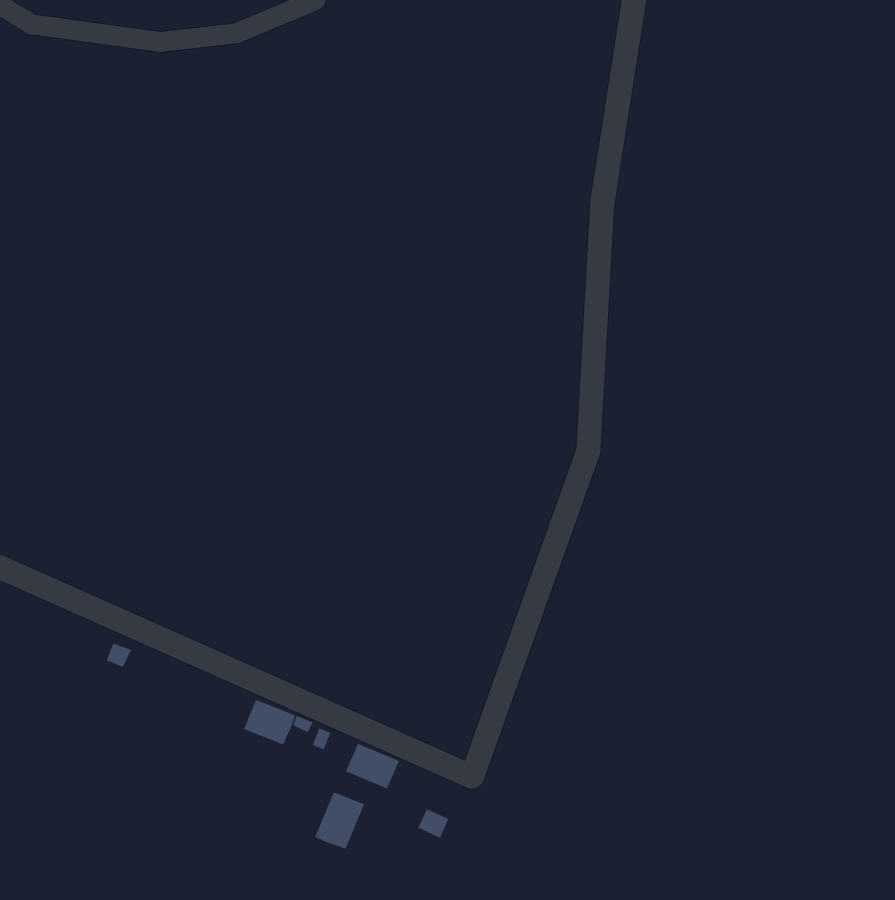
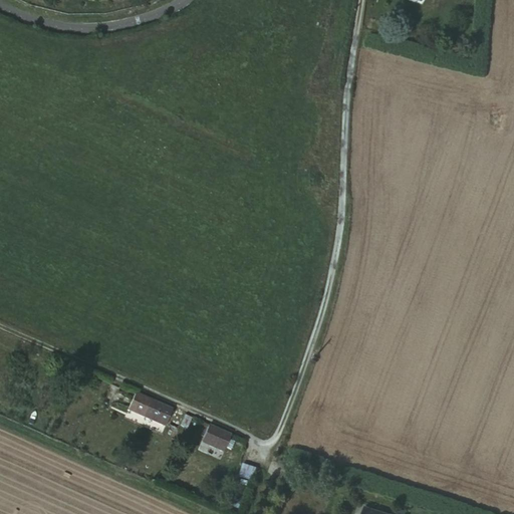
building: [314,791,365,850] -> none

